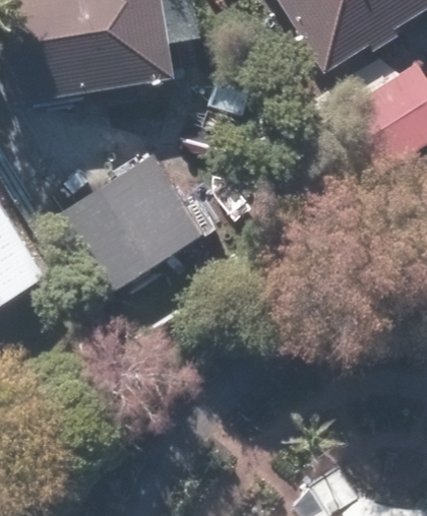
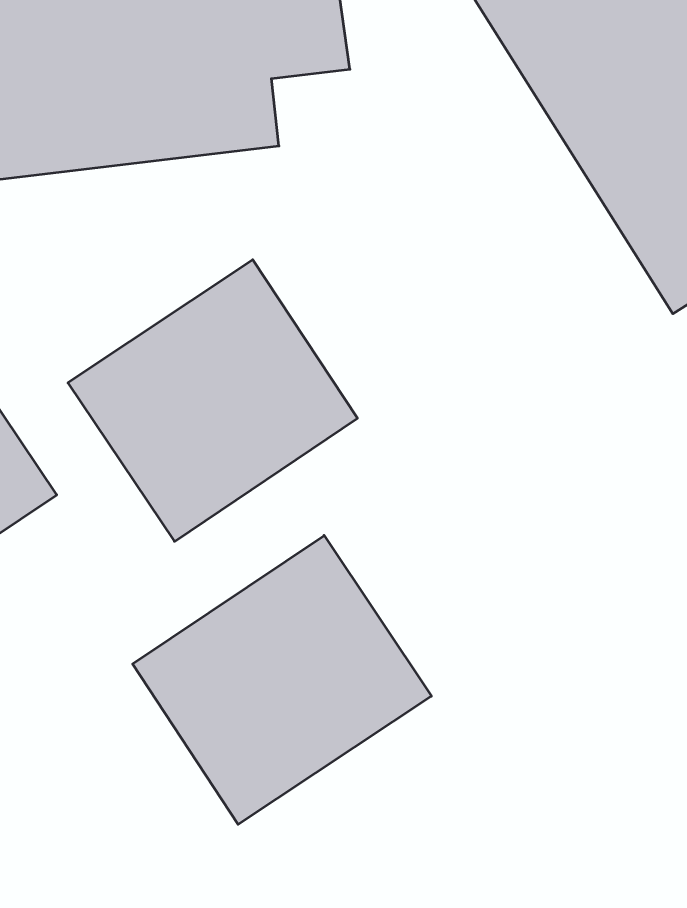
building: none -> [133,535,431,824]

